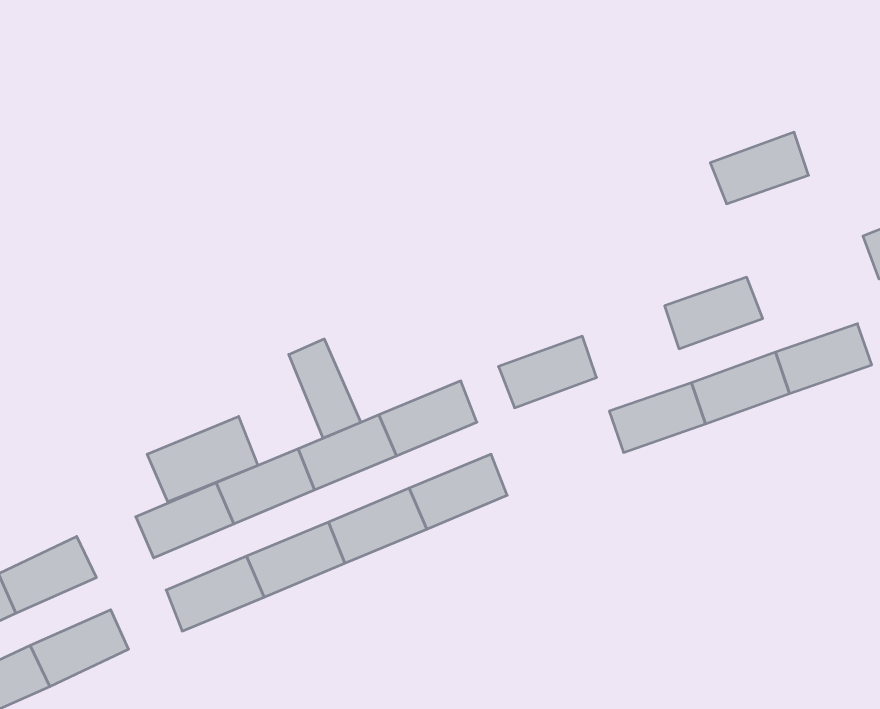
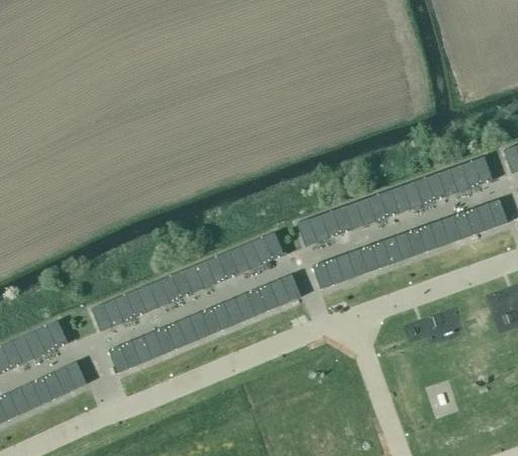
building: [710,132,809,204] -> [436,156,492,196]
building: none -> [343,189,398,230]
building: [289,339,361,438] -> none
building: none -> [311,249,366,289]
building: [147,416,258,502] -> none

